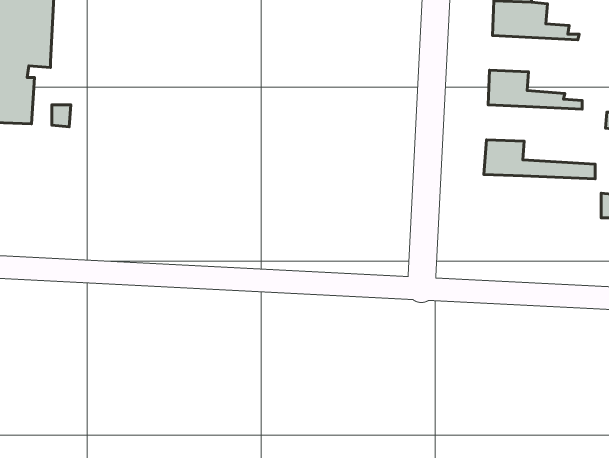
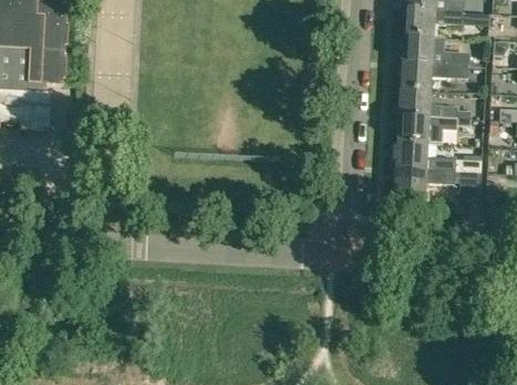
building: none -> [400,59,467,86]
building: none -> [397,112,471,141]
building: none -> [394,165,480,197]

